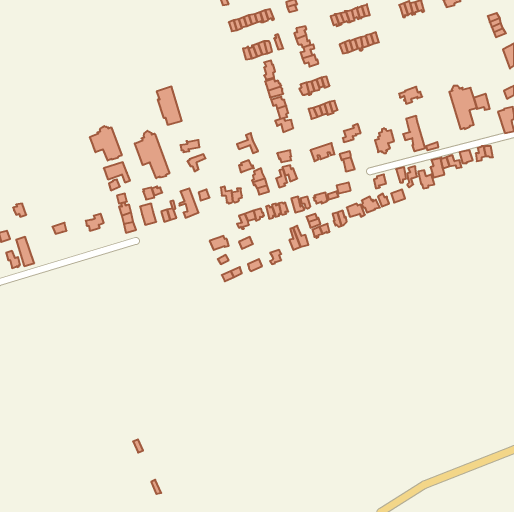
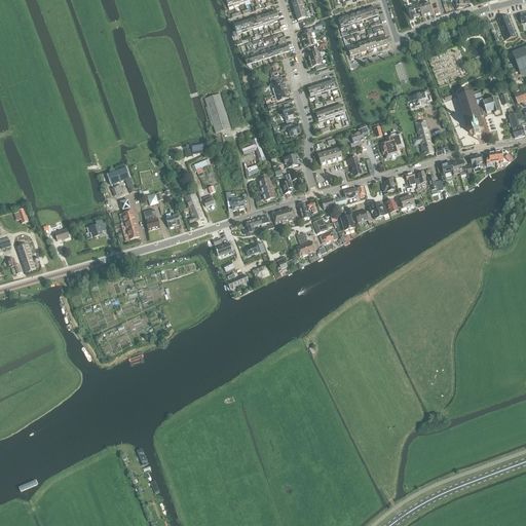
building: [157,87,182,125] -> [203,91,229,130]
building: [90,126,122,161] -> none
building: [135,131,169,178] -> none

